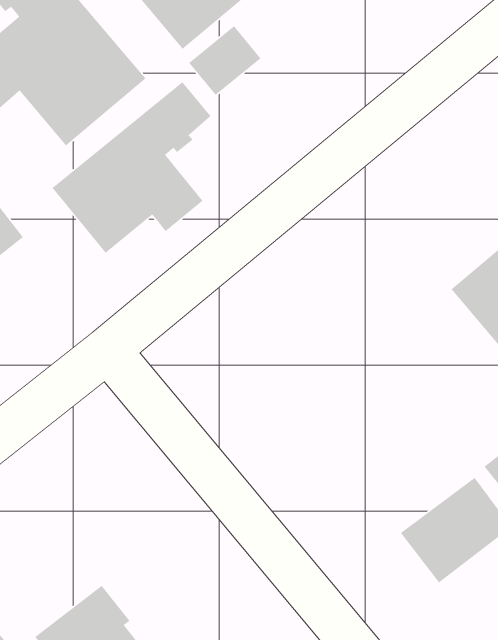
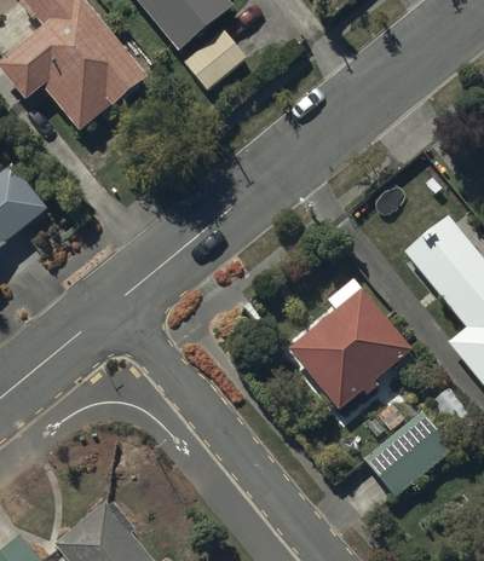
building: [51,81,212,254] -> none
building: none -> [288,274,411,409]

